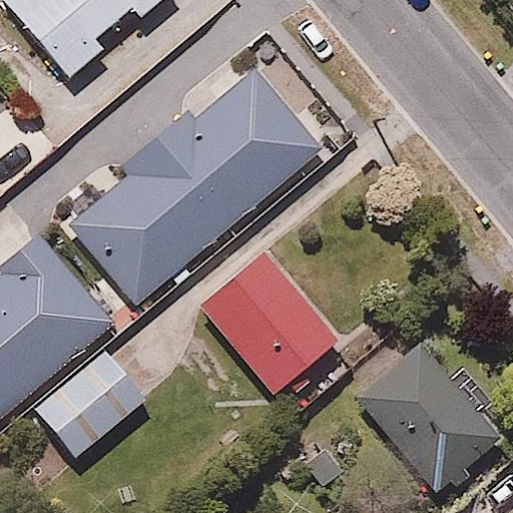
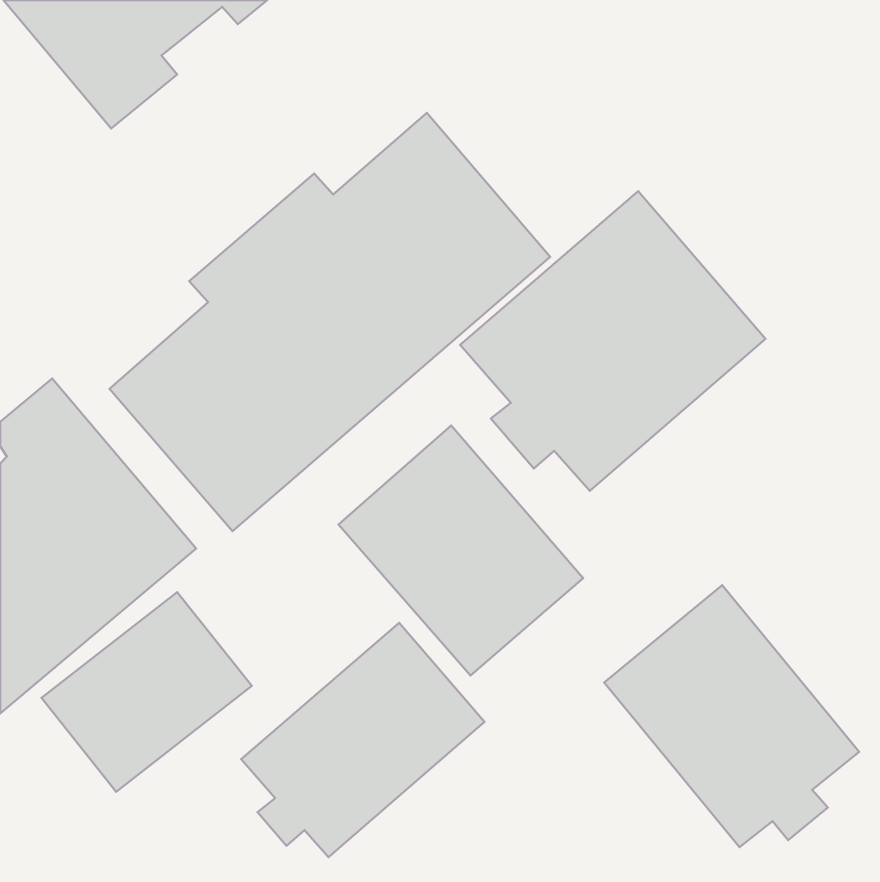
building: none -> [460,191,765,491]
building: none -> [241,623,485,857]

